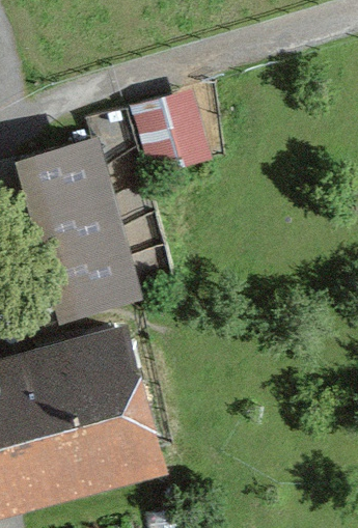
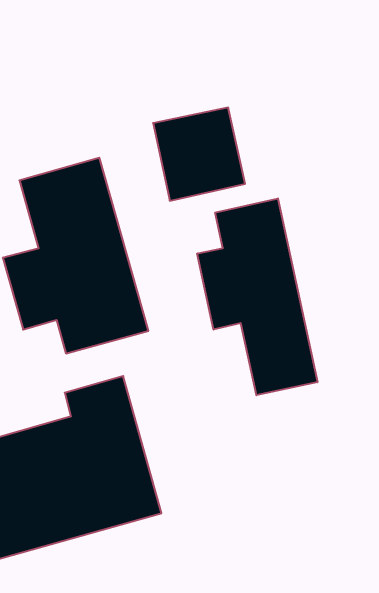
building: none -> [197,198,317,395]

